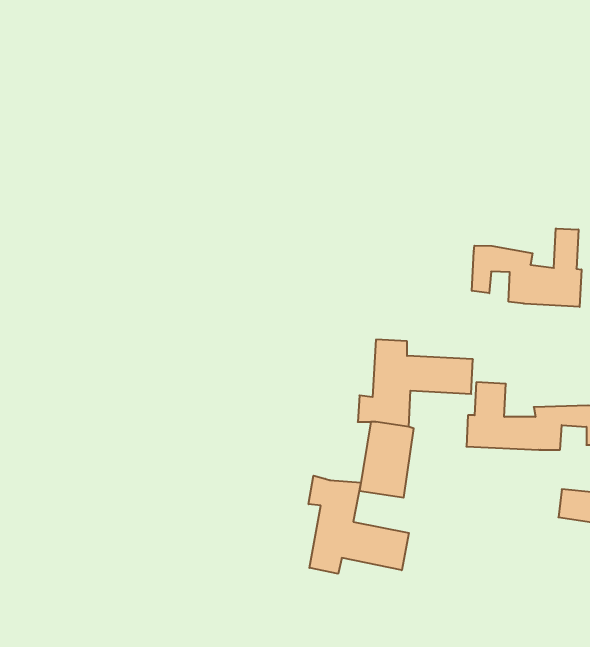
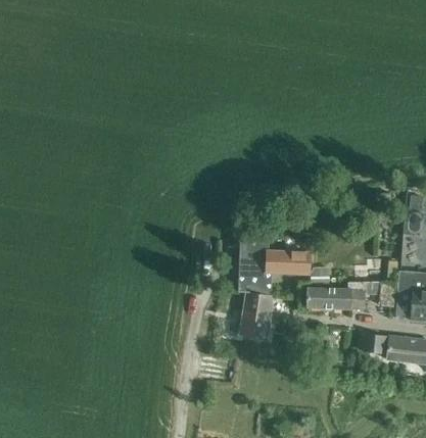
building: [472,228,581,307] -> none
building: [309,476,409,574] -> none

